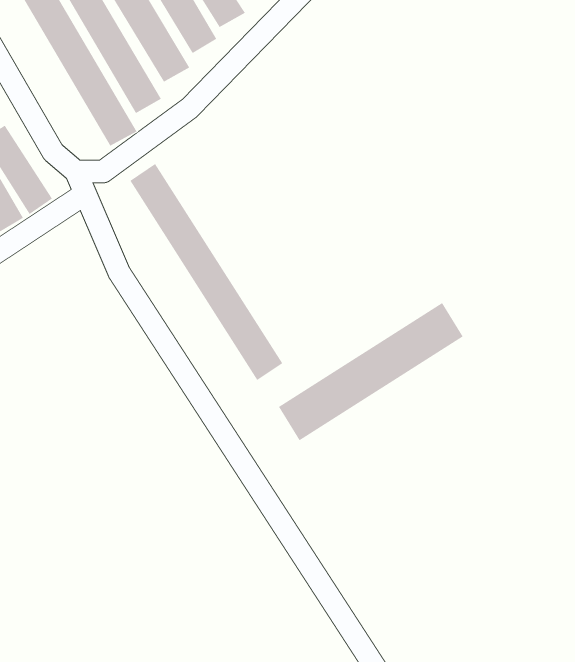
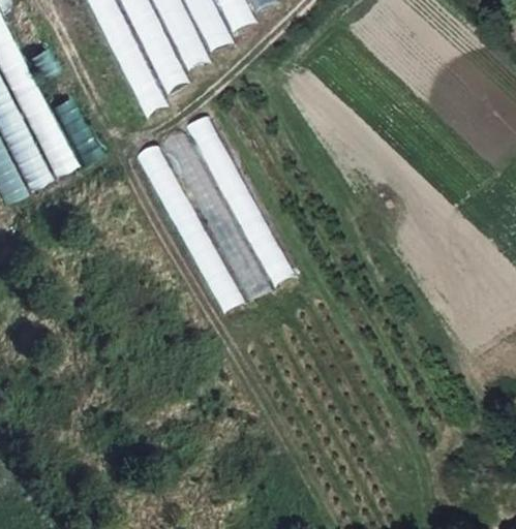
building: none -> [185,114,295,283]
building: none -> [136,145,245,313]
building: [278,302,463,441] -> none

